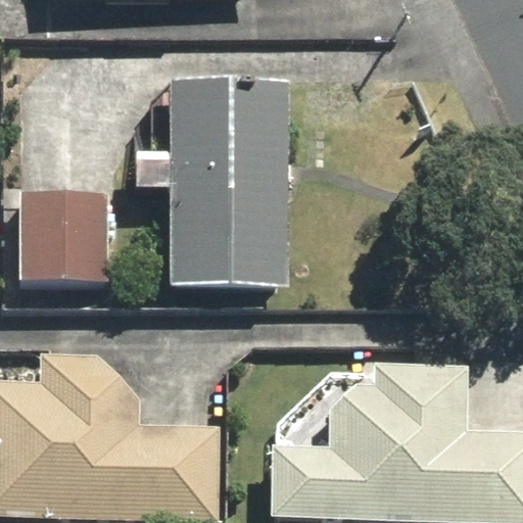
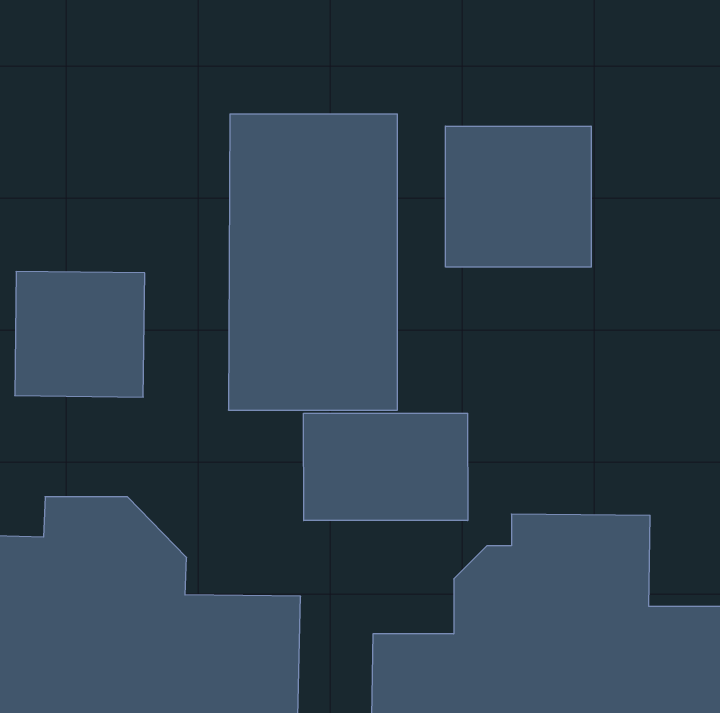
building: none -> [445,126,591,267]
building: none -> [304,413,468,521]

